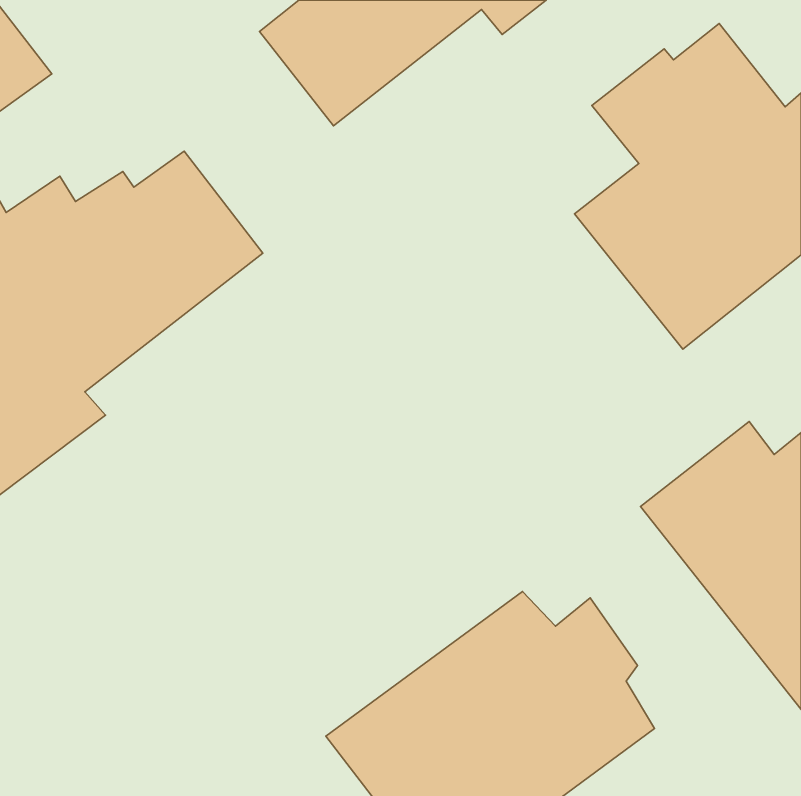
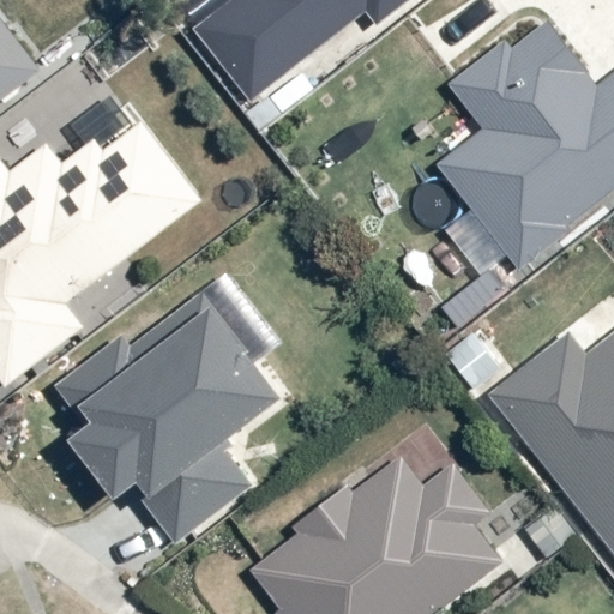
building: none -> [53,295,276,540]

